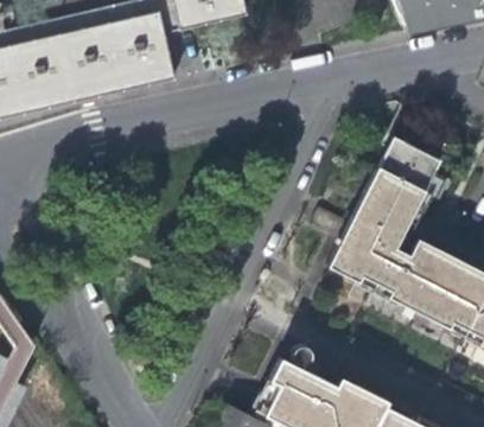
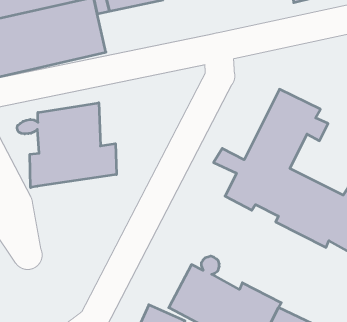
building: none -> [17,103,116,188]

